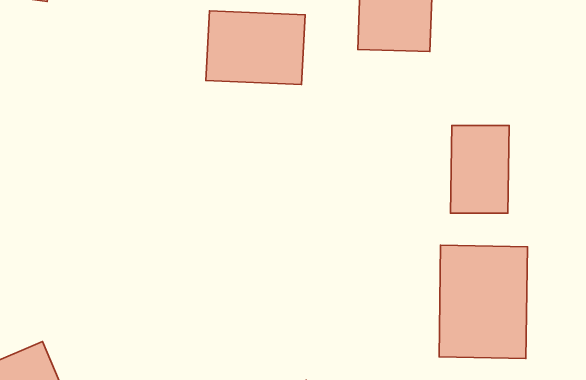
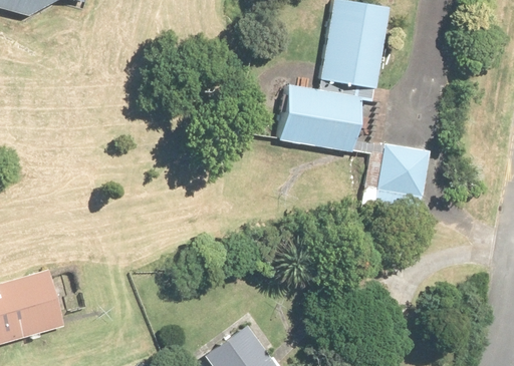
building: [206,11,305,84] -> [277,84,360,150]
building: [439,245,527,358] -> none

